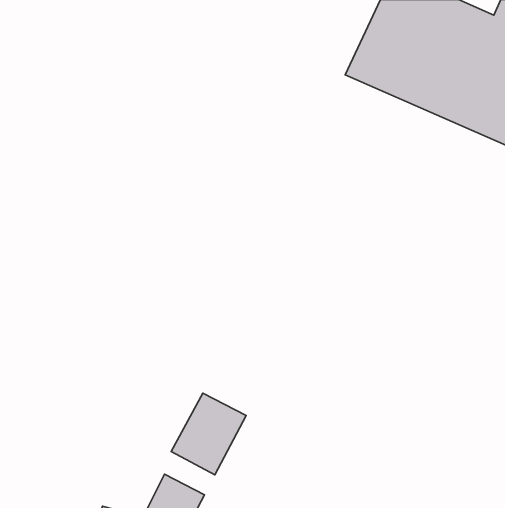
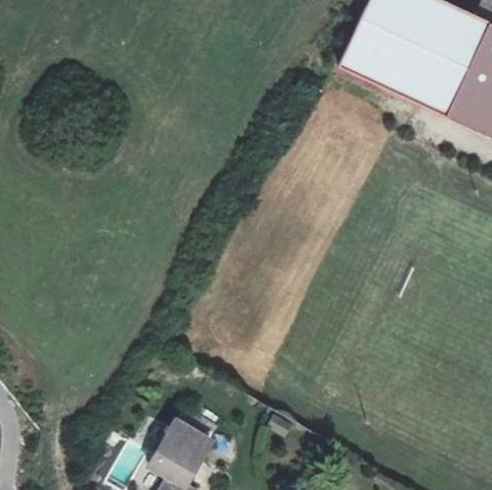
building: [171,393,246,475] -> none

